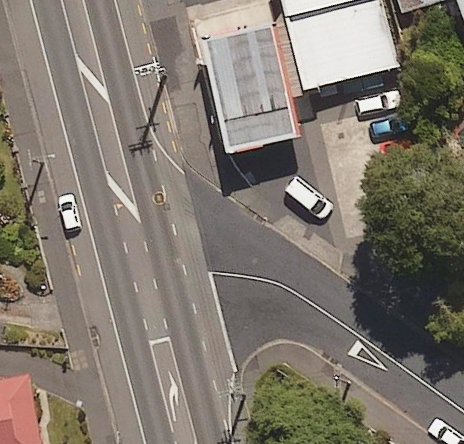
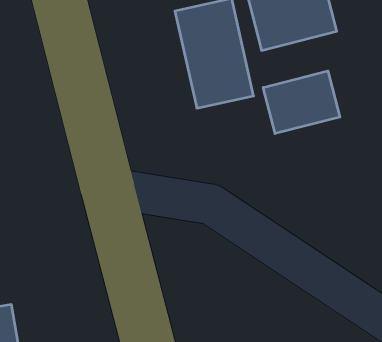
building: none -> [263,71,340,134]

